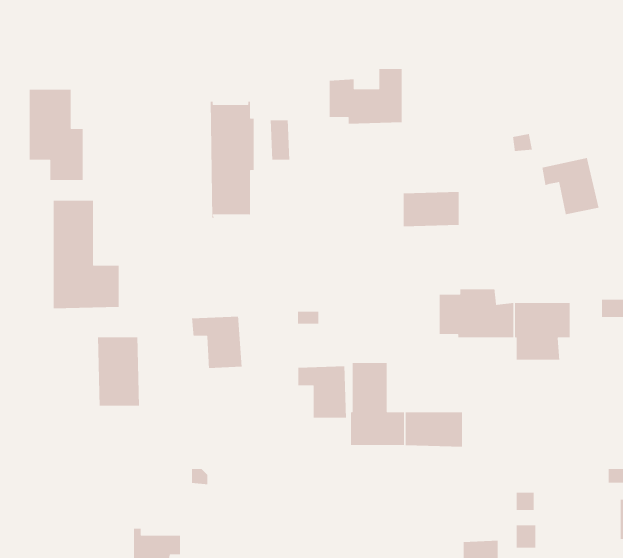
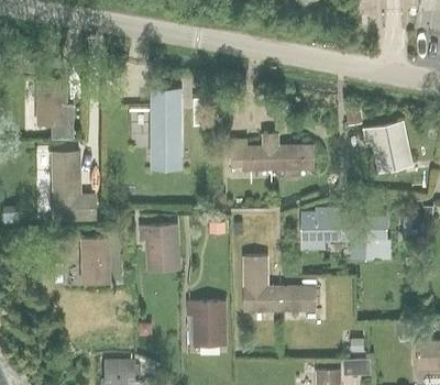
building: [329,68,402,125] -> [231,134,278,171]
building: [297,365,347,418] -> [189,302,221,337]

